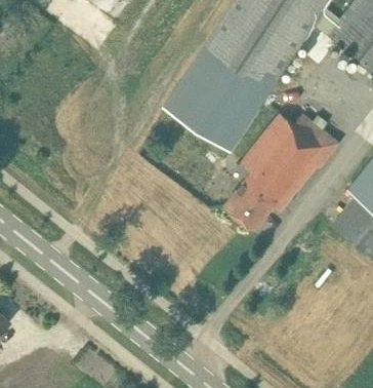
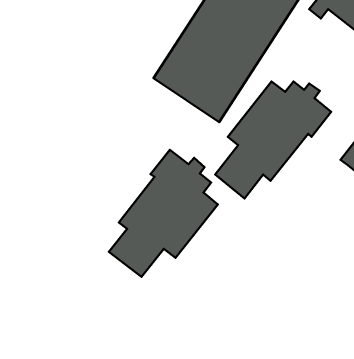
building: none -> [109,150,218,277]

